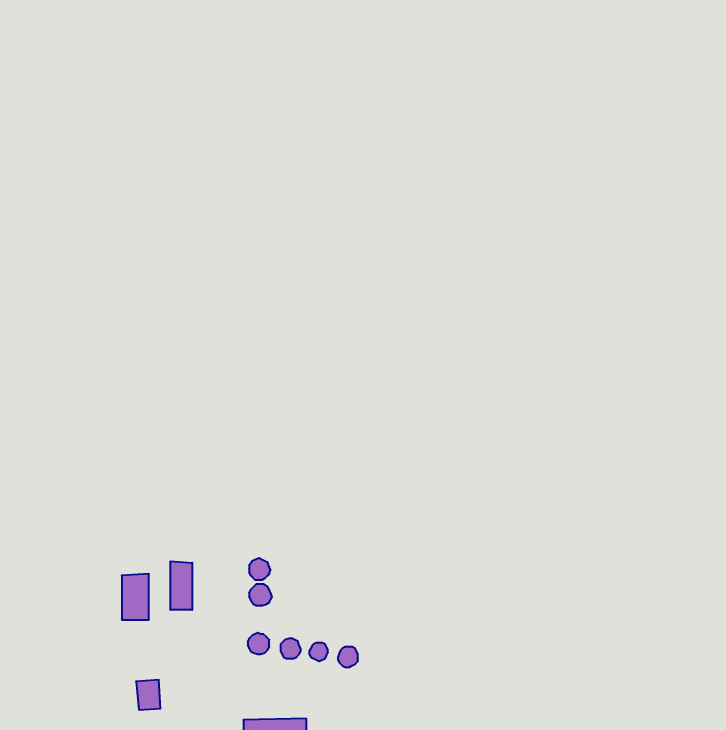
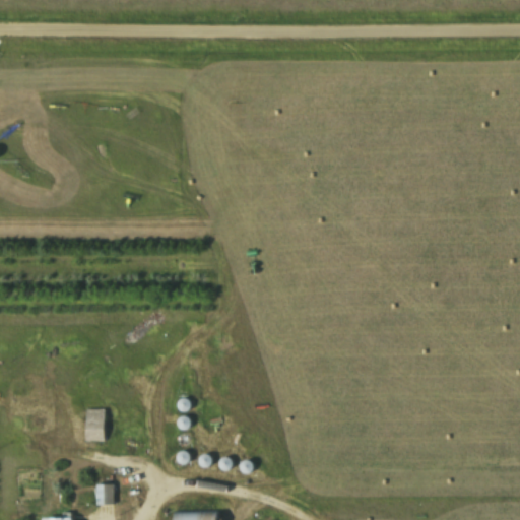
building: [170,561,192,610] -> none

